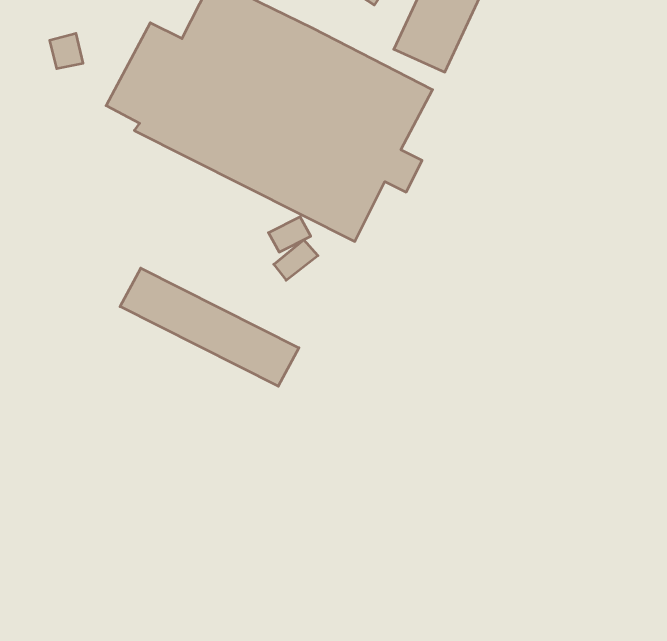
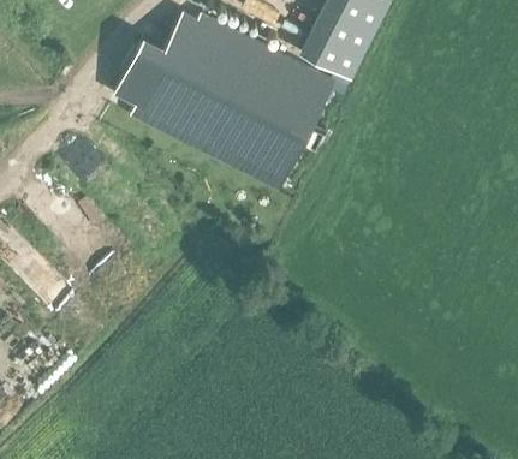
building: [120,268,299,386] -> none

